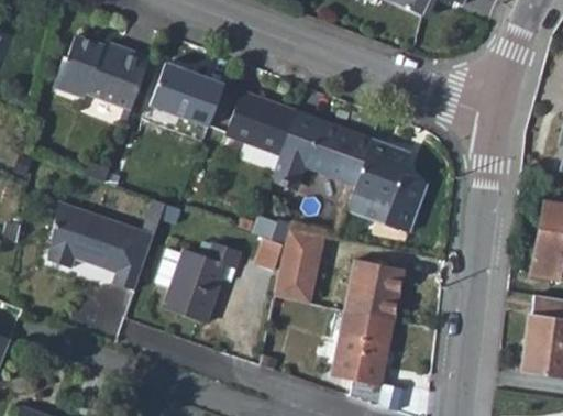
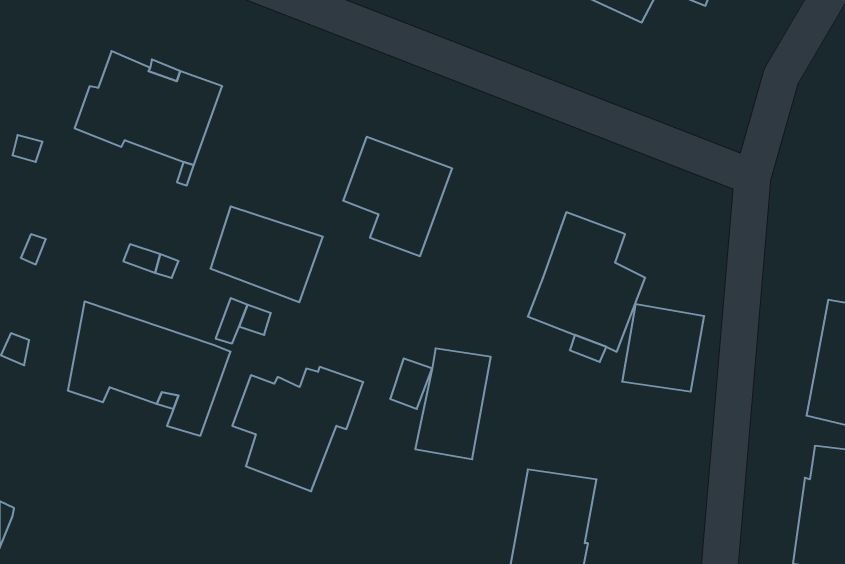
building: [151,64,224,127] -> [210,206,323,302]
building: [275,112,373,185] -> none
building: [347,259,401,316] -> [622,304,704,392]

